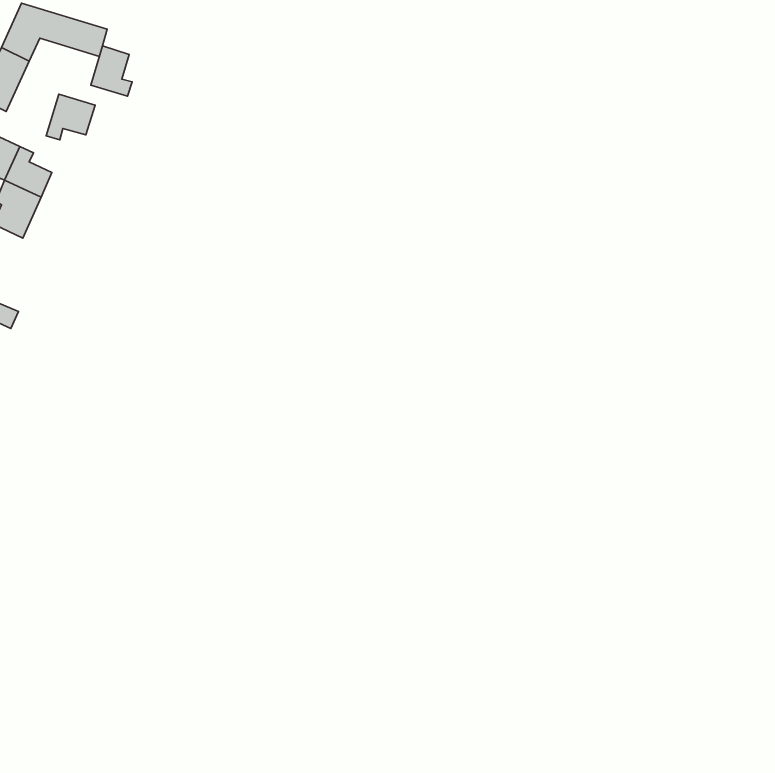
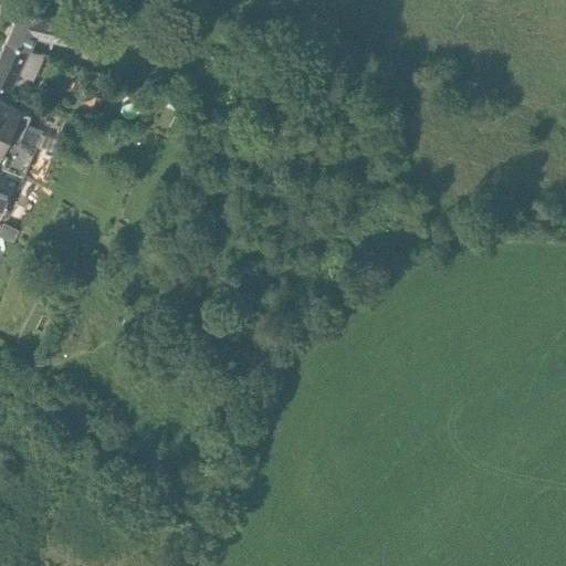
building: [91,46,132,96] -> none
building: [46,94,95,140] -> none

